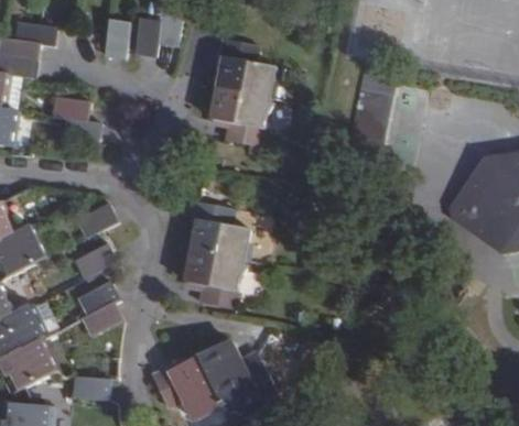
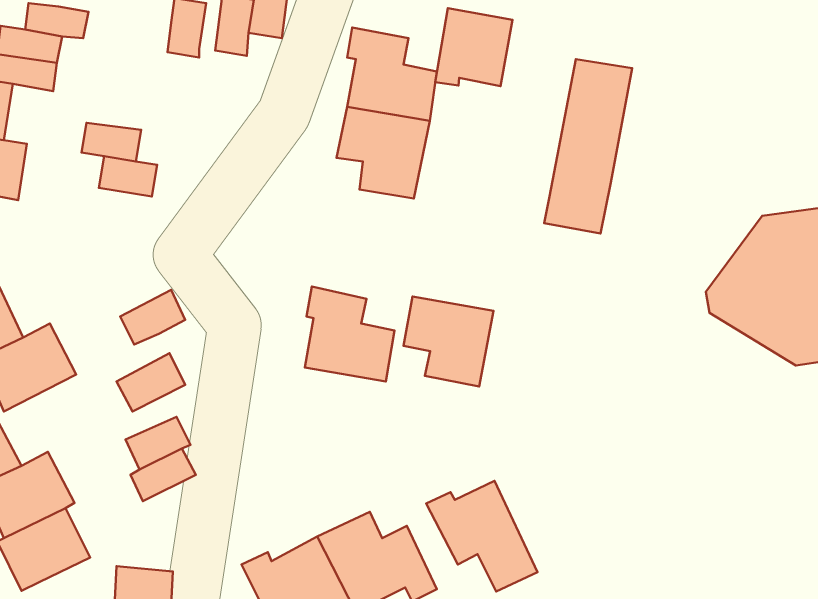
building: none -> [435,8,512,86]
building: [186,251,242,307] -> [404,297,493,386]
building: none -> [426,481,537,592]

